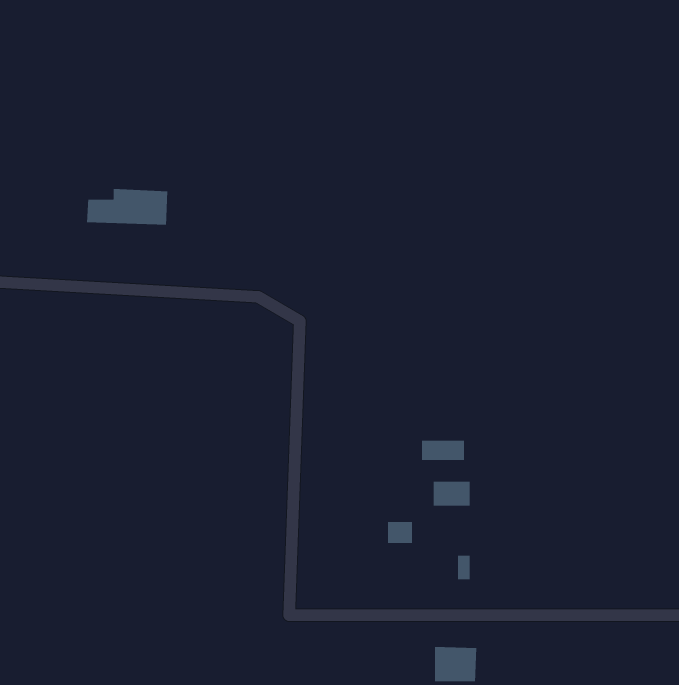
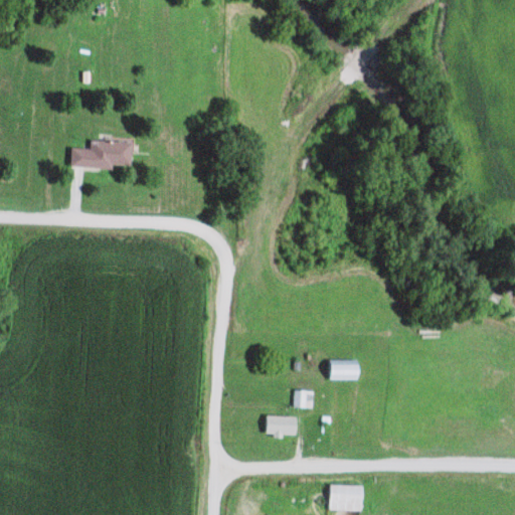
building: [421,440,465,461] -> none
building: none -> [267,415,296,435]

